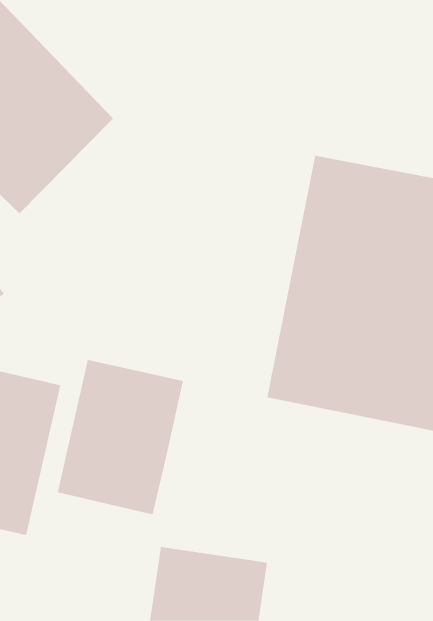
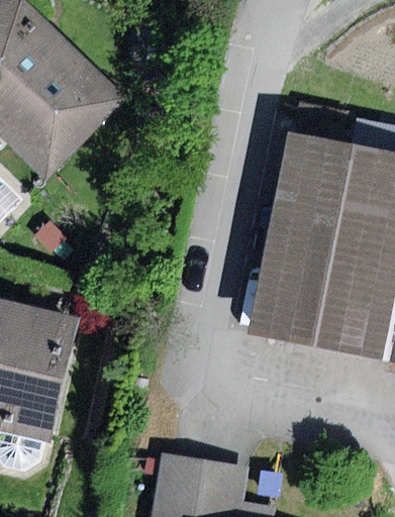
building: [57,359,184,515] -> none

